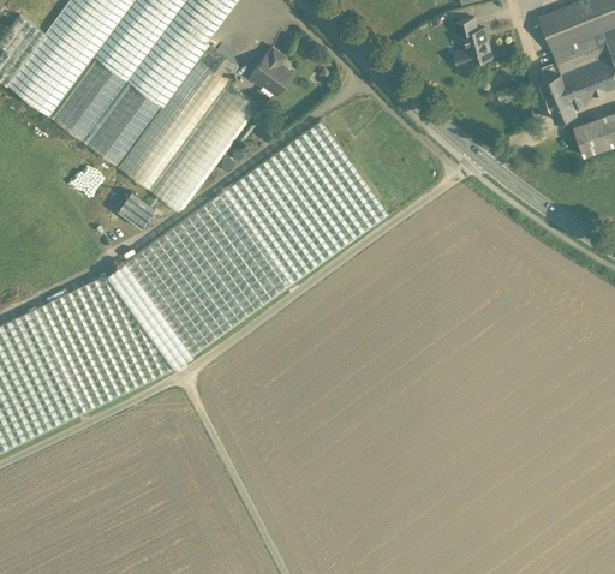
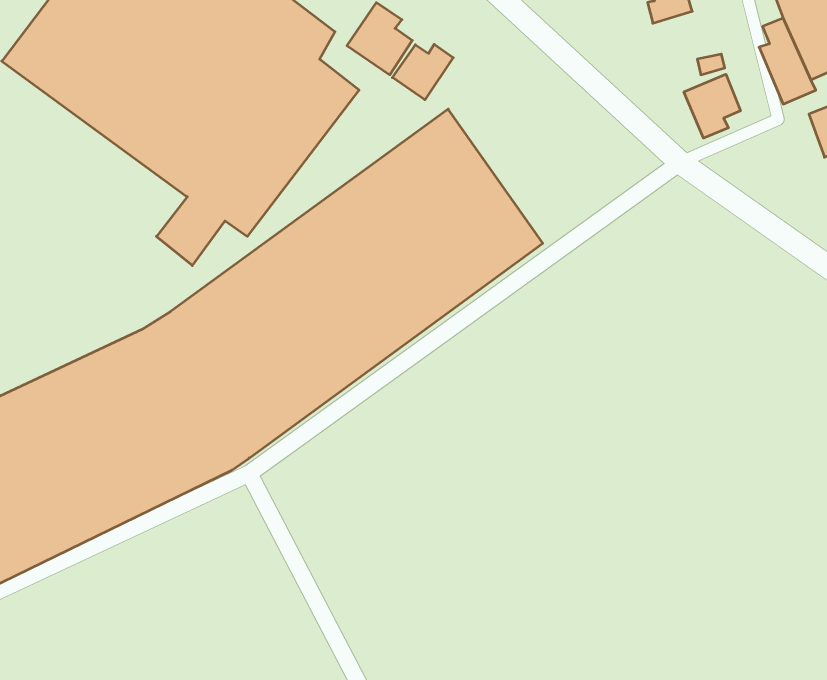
building: none -> [392,44,453,100]
building: none -> [684,74,740,138]

